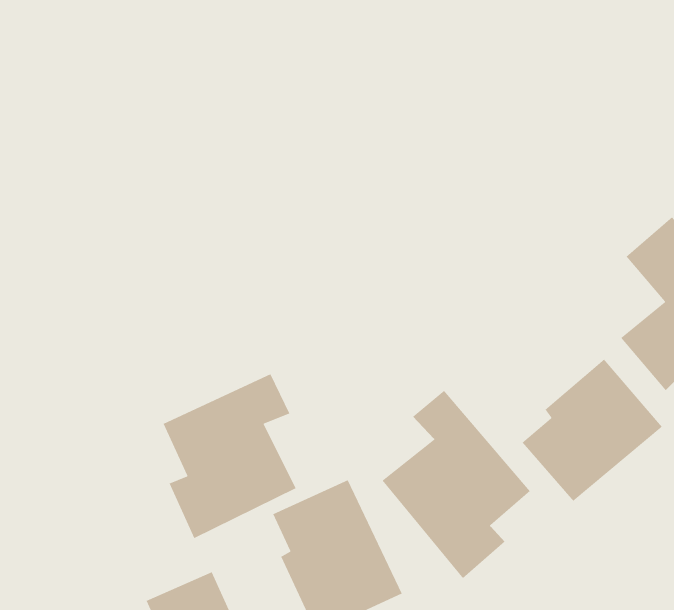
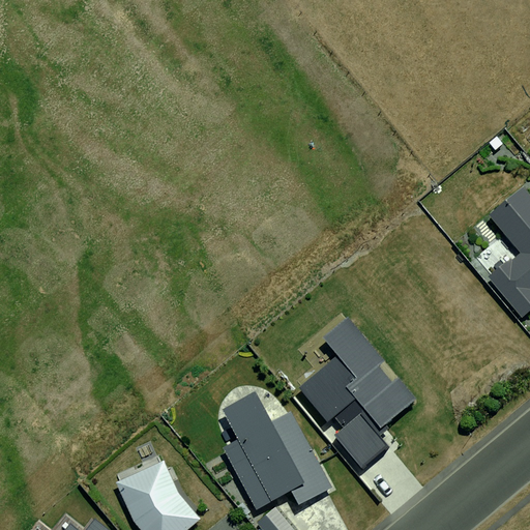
building: [522,359,663,502] -> none
building: [162,373,297,539] -> none

